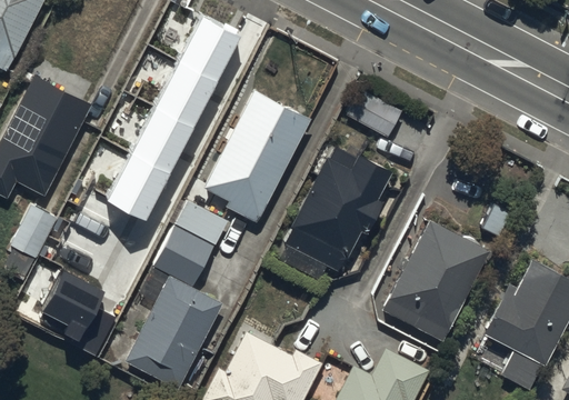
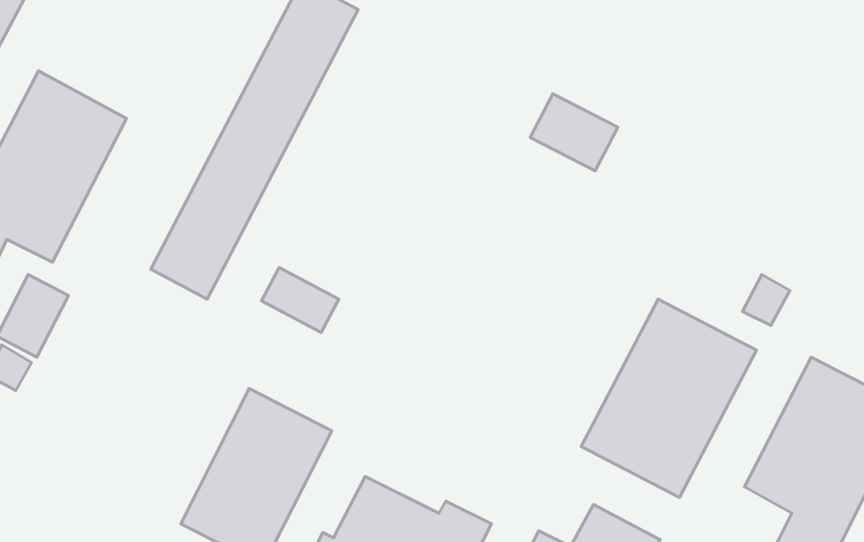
building: [203,90,310,223] -> none
building: [276,158,390,283] -> none
building: [156,227,213,283] -> none
building: [44,271,114,353] -> none

